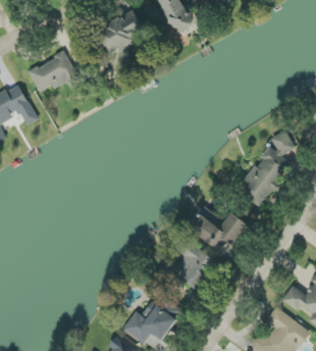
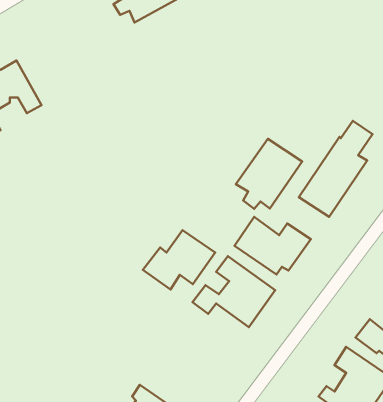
building: [28,52,77,92] -> none
building: none -> [236,139,302,209]
building: [122,298,178,344] -> [143,230,215,289]

